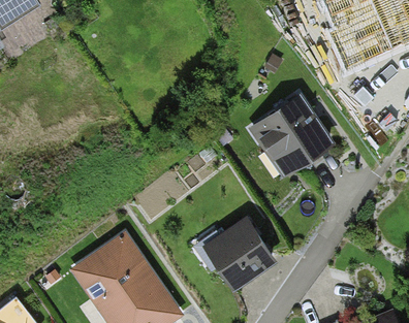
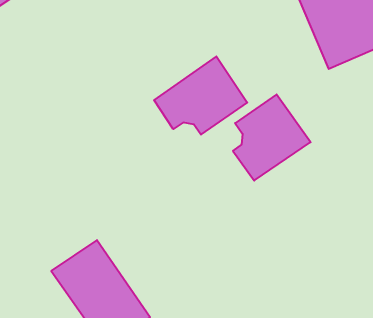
building: none -> [154,56,247,135]
building: [199,211,284,288] -> none

